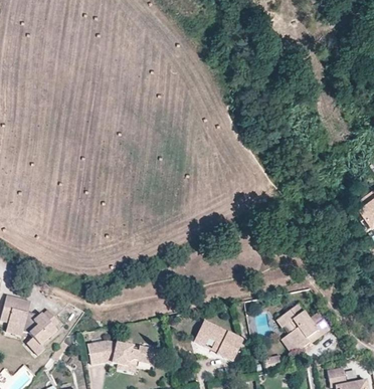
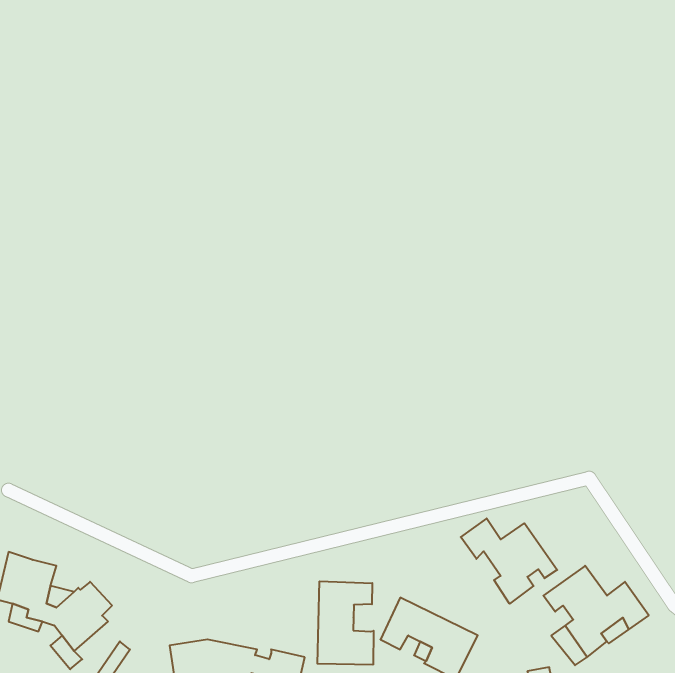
building: none -> [461,518,557,604]
building: none -> [317,581,374,665]

